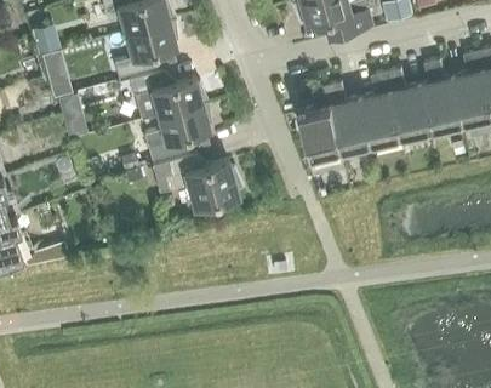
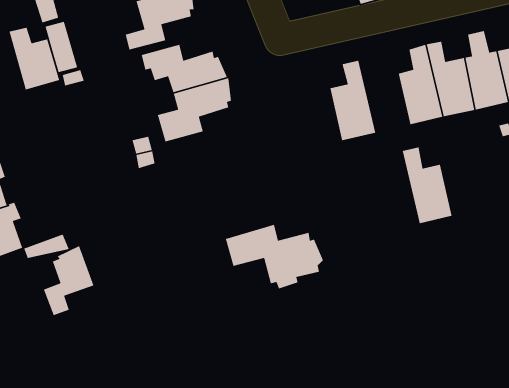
building: none -> [8,27,60,90]
building: [326,81,372,152] -> [402,147,453,224]
building: [152,153,241,212] -> [225,224,324,289]
building: none -> [43,245,95,316]

